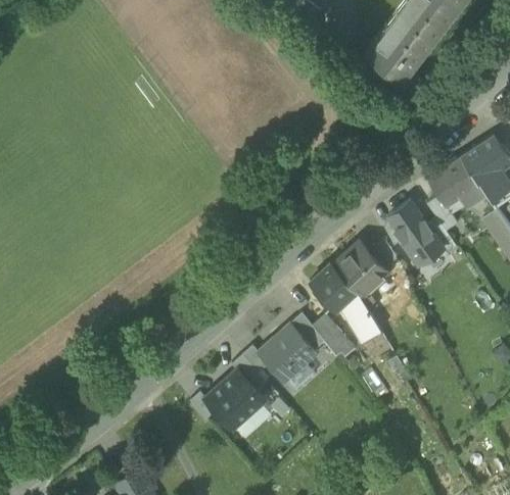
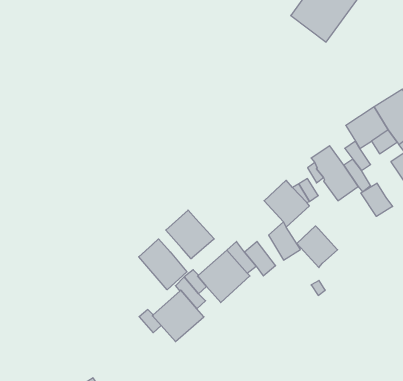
building: none -> [361,183,393,216]
building: [311,262,358,310] -> [297,226,338,268]
building: none -> [166,210,214,259]
building: none -> [139,239,187,290]

